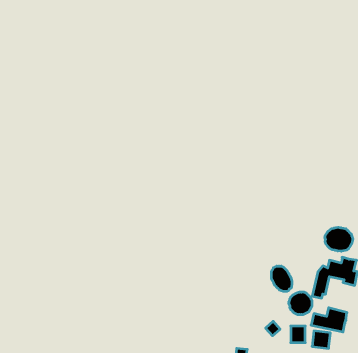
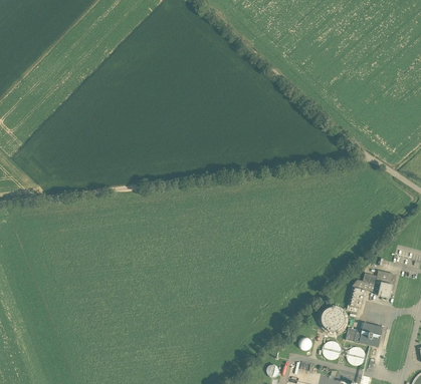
building: [325,227,353,251] -> none
building: [271,266,292,291] -> none

